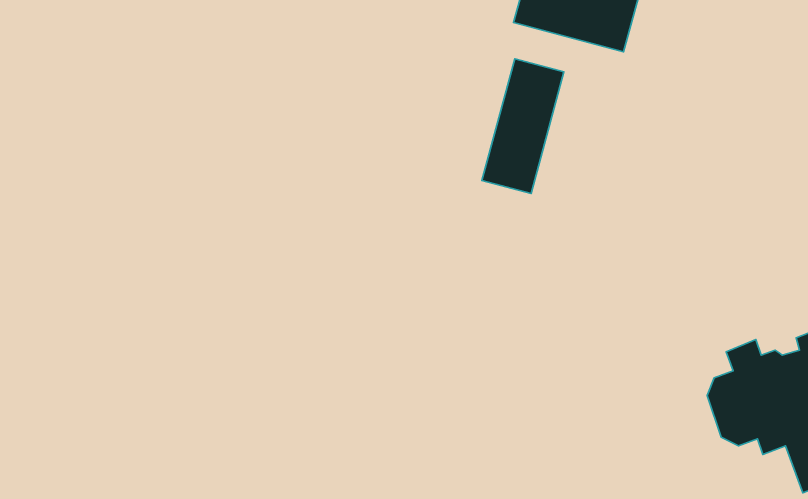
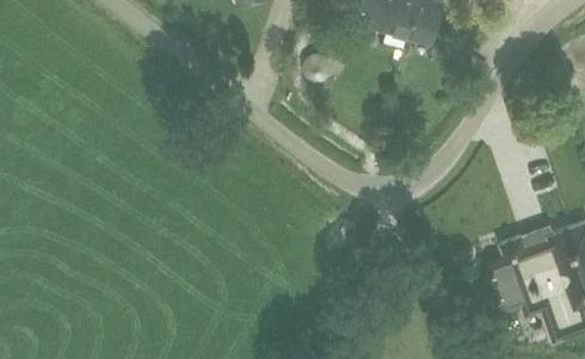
building: [482,59,564,194] -> none

